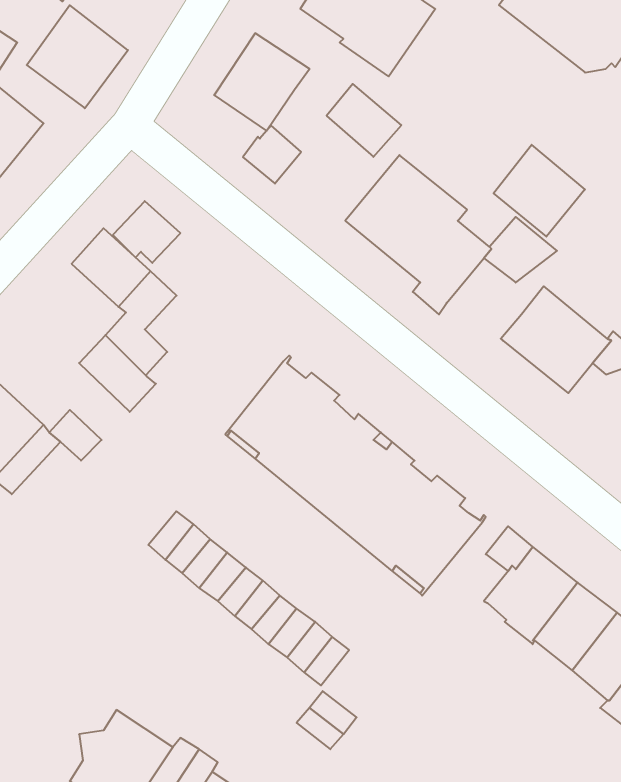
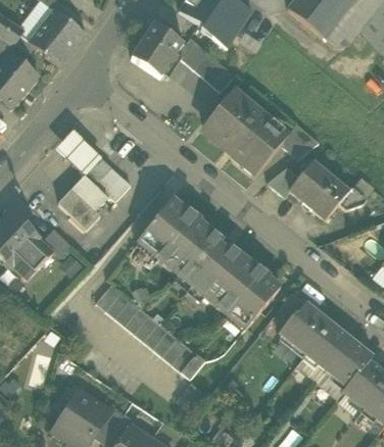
building: [243,125,301,184] -> [176,37,207,68]
building: [494,145,585,237] -> none
building: [113,201,180,263] -> [94,166,131,200]
building: none -> [266,166,299,197]

